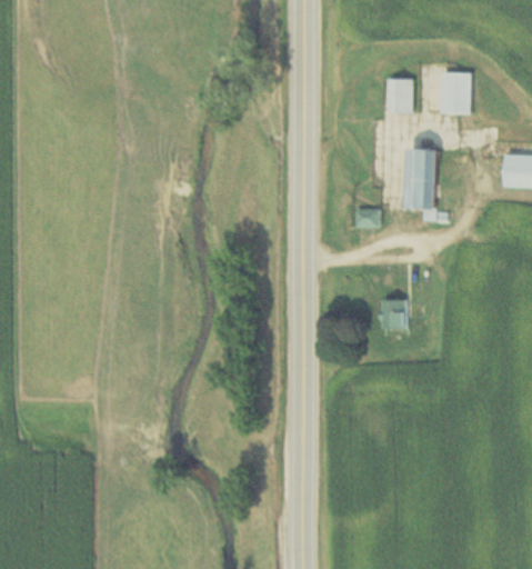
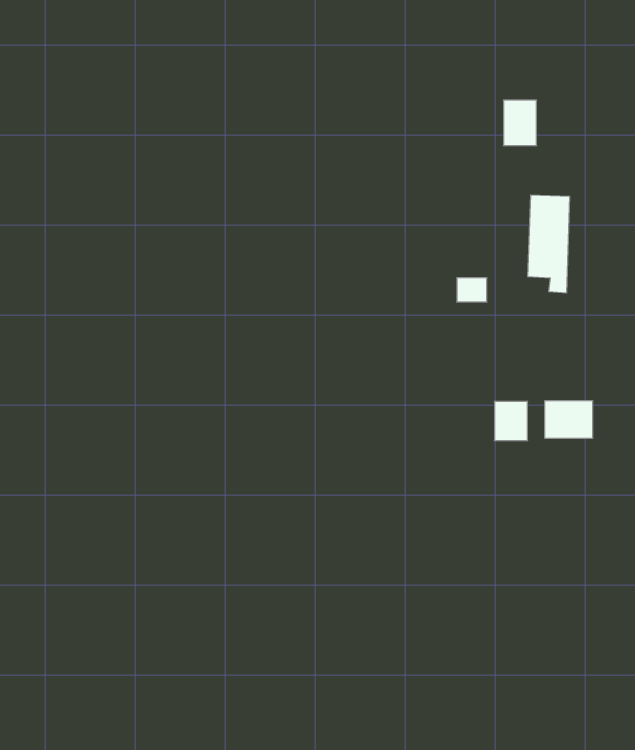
building: [441,71,470,111] -> none
building: none -> [545,401,593,438]

